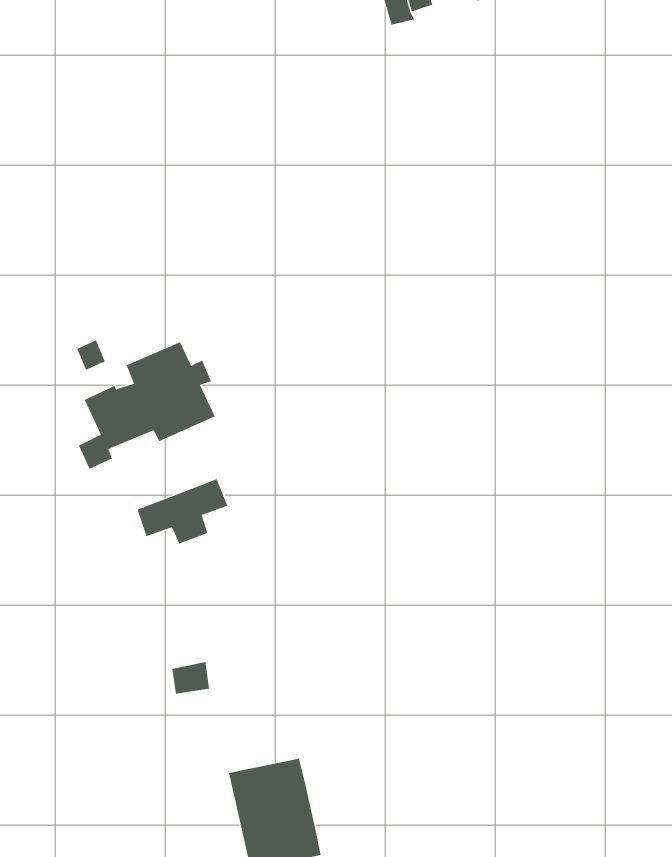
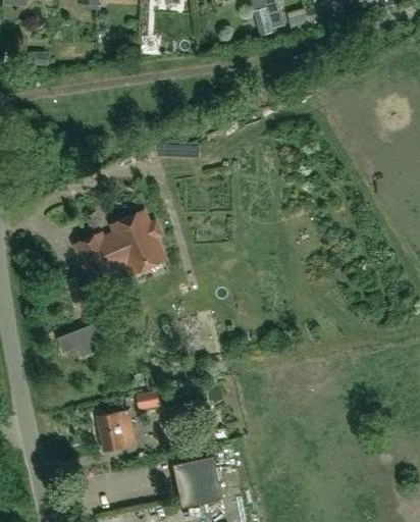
building: [137,478,228,544] -> [57,321,108,358]
building: none -> [96,412,135,453]

